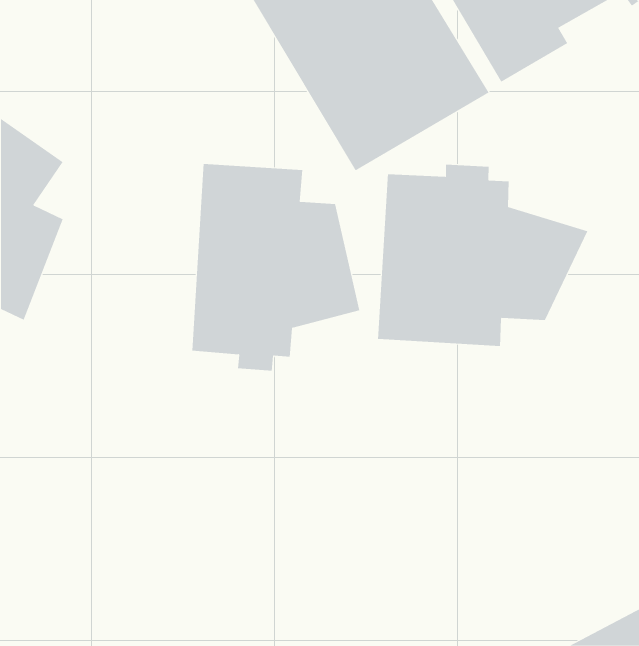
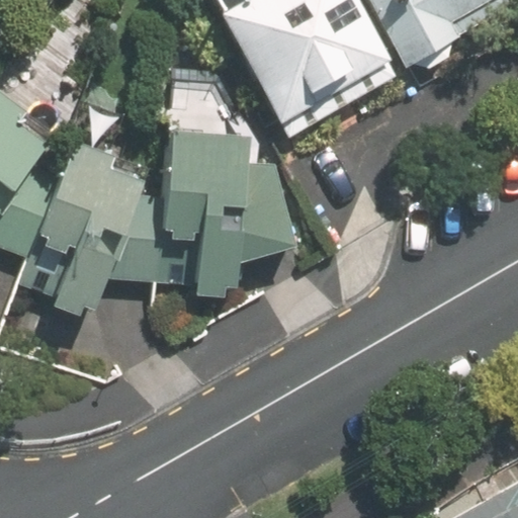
building: [378,164,588,347] -> none
building: none -> [22,139,162,317]

